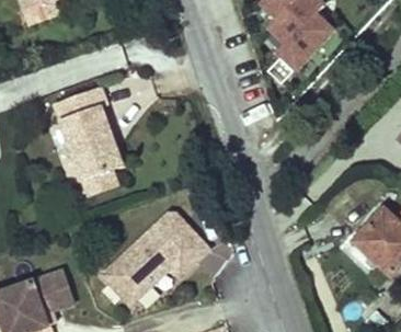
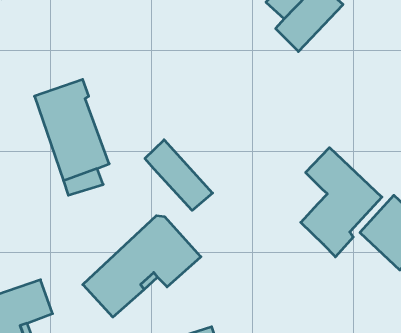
building: none -> [145,140,213,210]
building: none -> [301,148,382,257]

